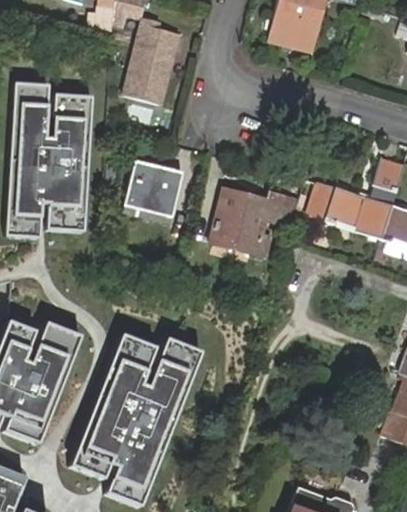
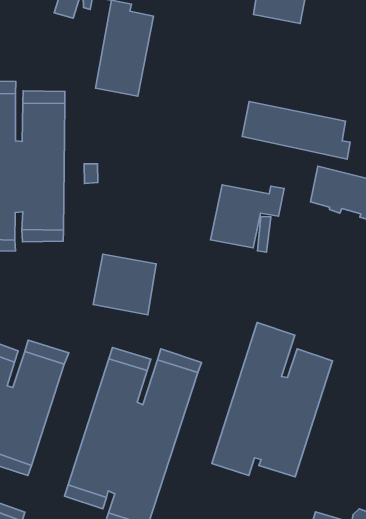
building: none -> [242,101,350,159]
building: [123,160,183,218] -> [93,254,156,315]
building: none -> [212,322,333,477]

